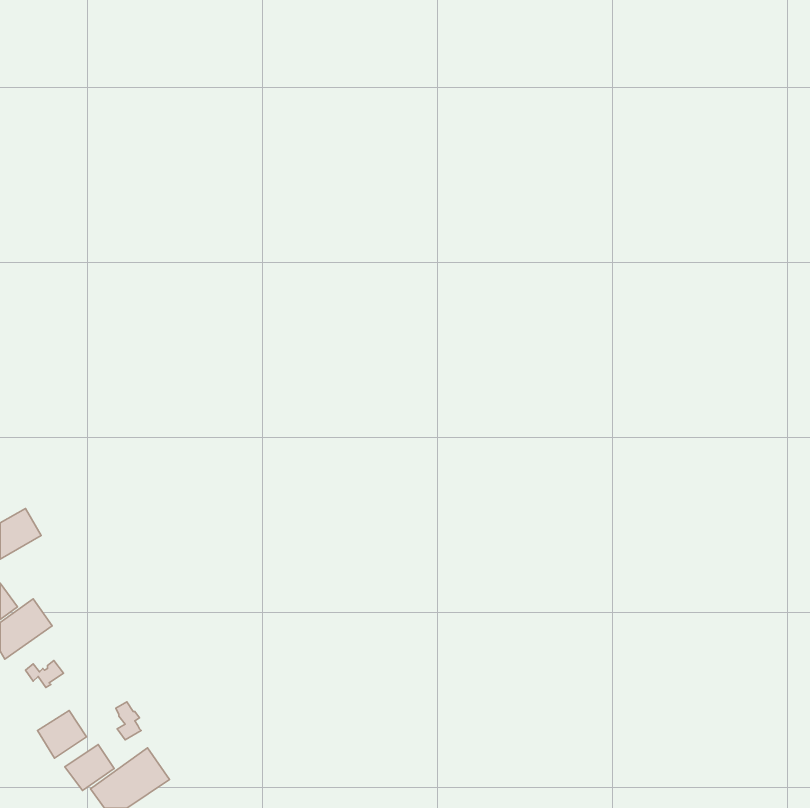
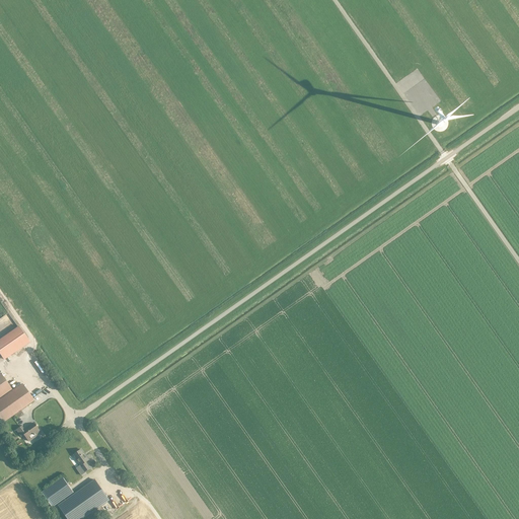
building: [38,711,87,758] -> none

